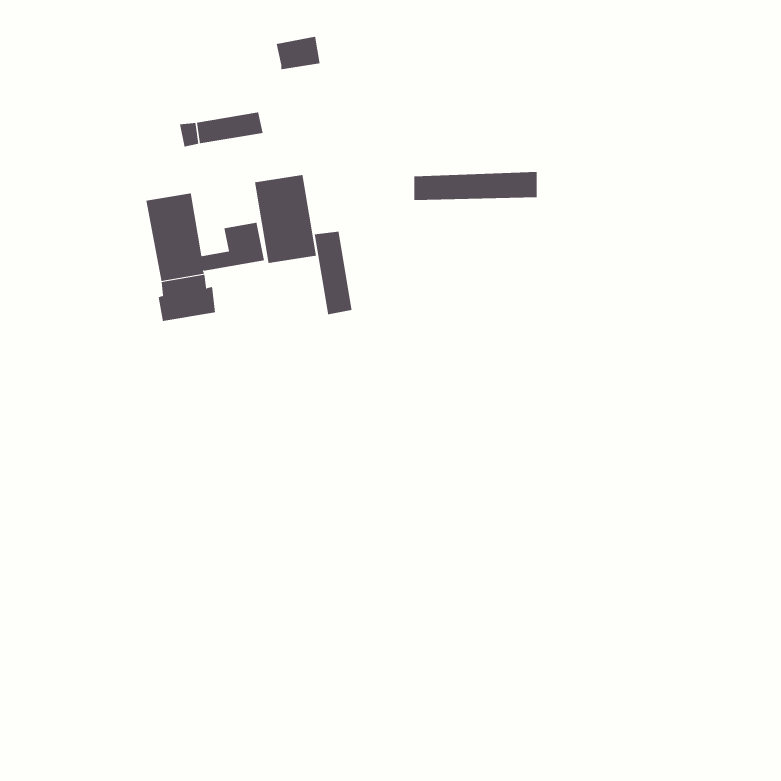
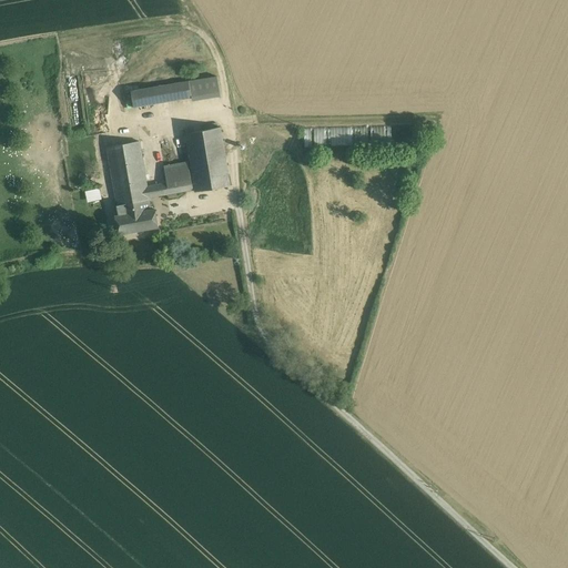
building: [276,36,320,70] -> [187,75,220,100]
building: [314,231,352,315] -> none

